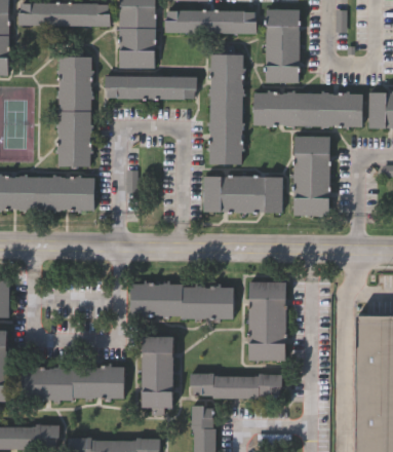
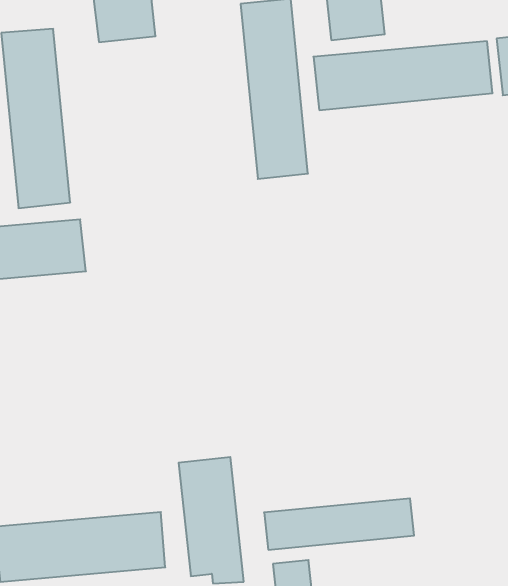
building: [106,76,196,99] -> none
building: [292,136,329,215] -> none
building: [203,176,282,213] -> none
building: [249,282,287,361] -> none
building: [130,286,235,319] -> none

